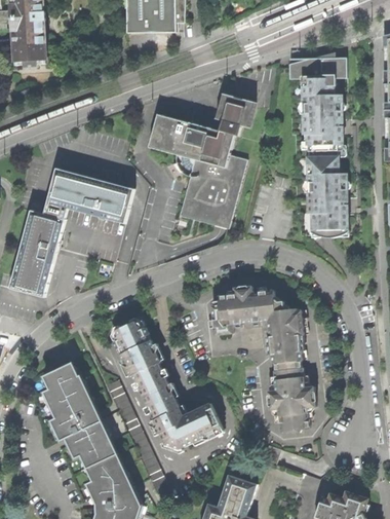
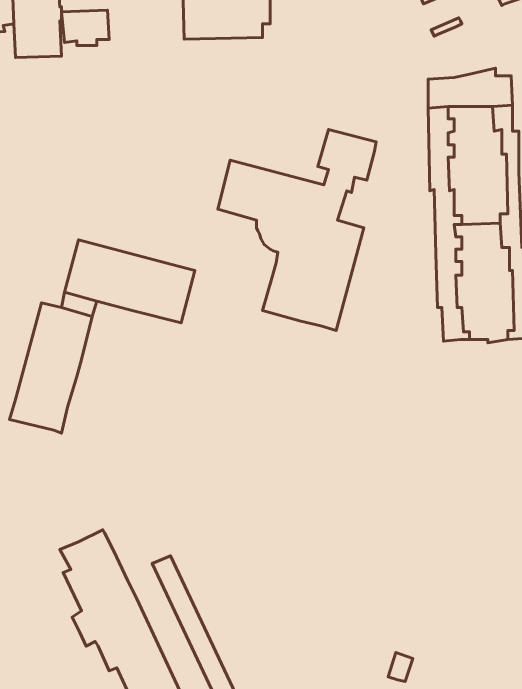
building: [13,44,45,68] -> [62,10,109,46]
building: [211,286,315,431] -> none
building: [115,321,222,448] -> none

